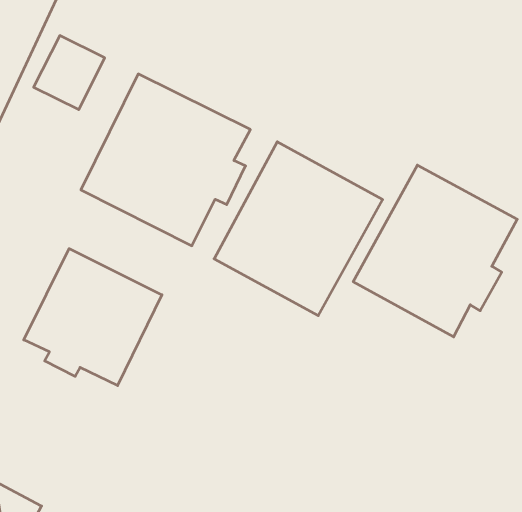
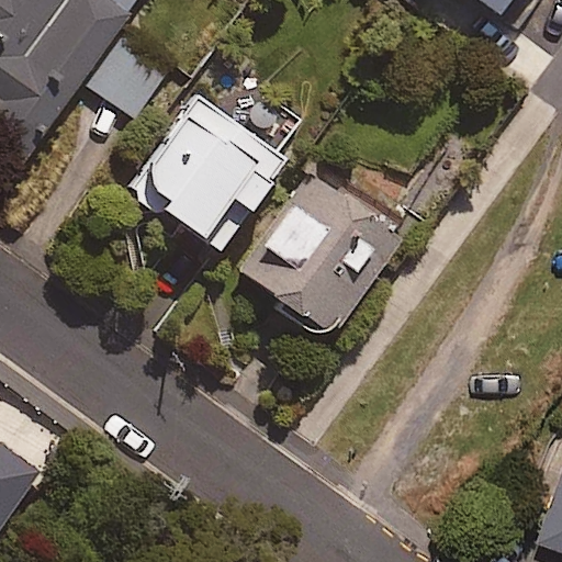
building: [353,165,517,337] -> none
building: [24,249,162,386] -> none

